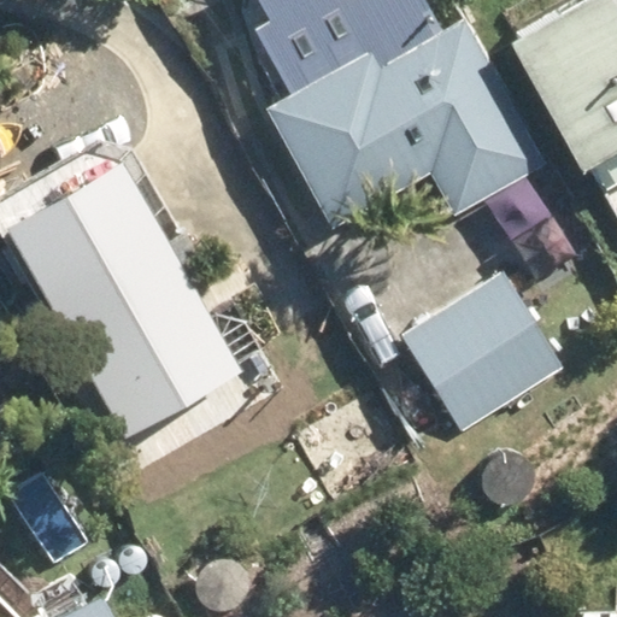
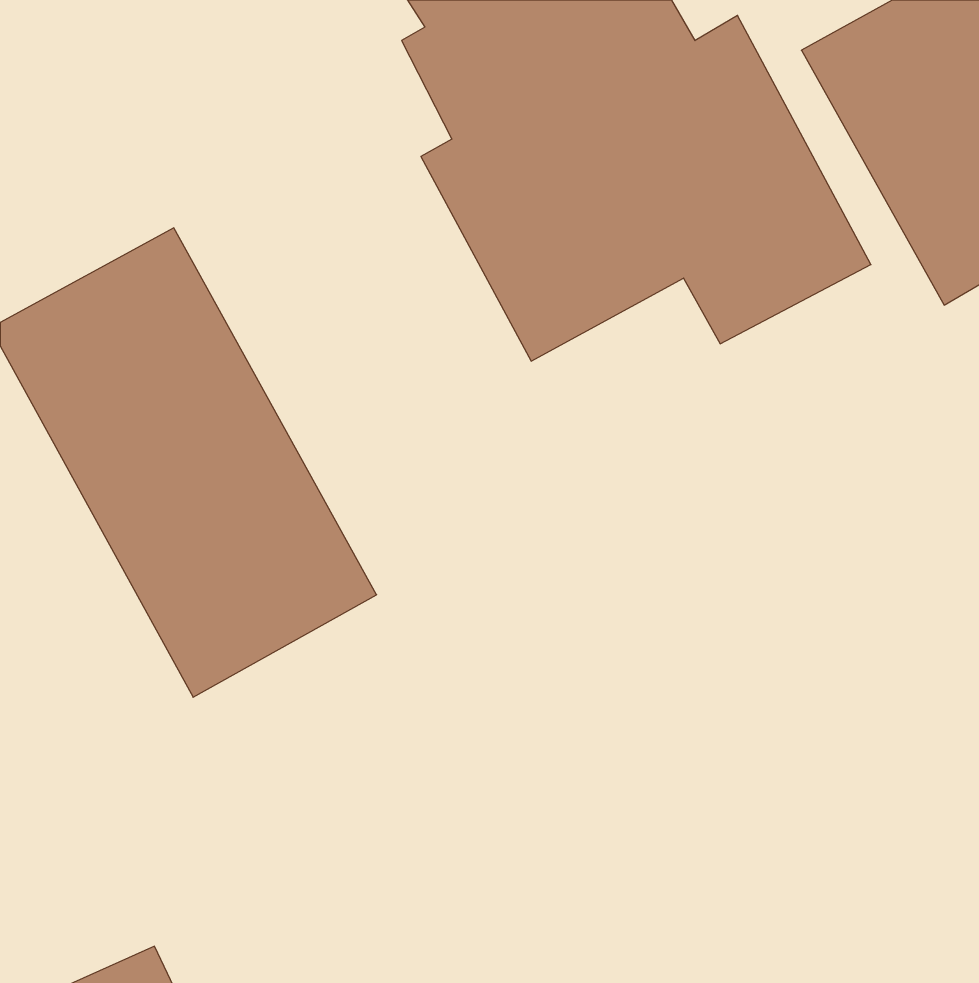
building: [401,270,566,433] -> none

